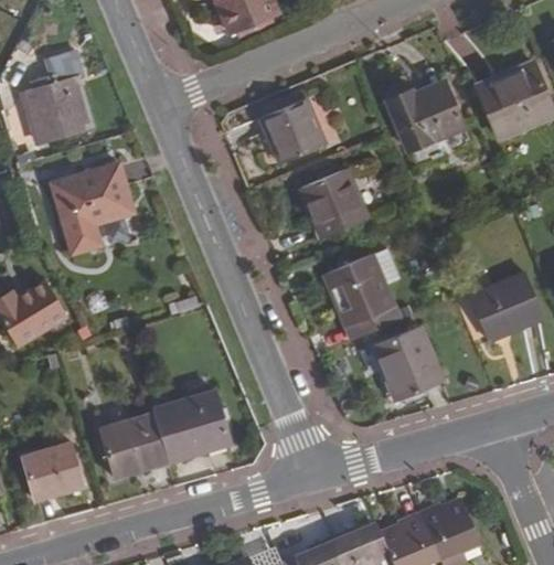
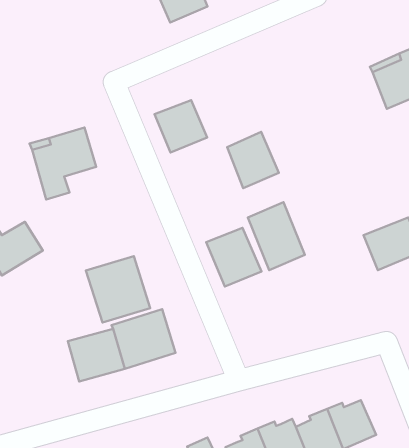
building: [25,50,94,145] -> none
building: [384,82,460,150] -> none
building: [256,98,321,163] -> [155,100,207,153]
building: none -> [86,256,150,323]
building: [369,328,437,401] -> [206,228,261,287]
building: [25,443,86,500] -> none

